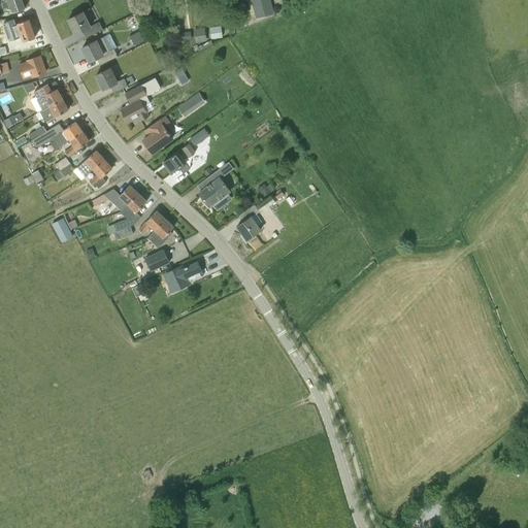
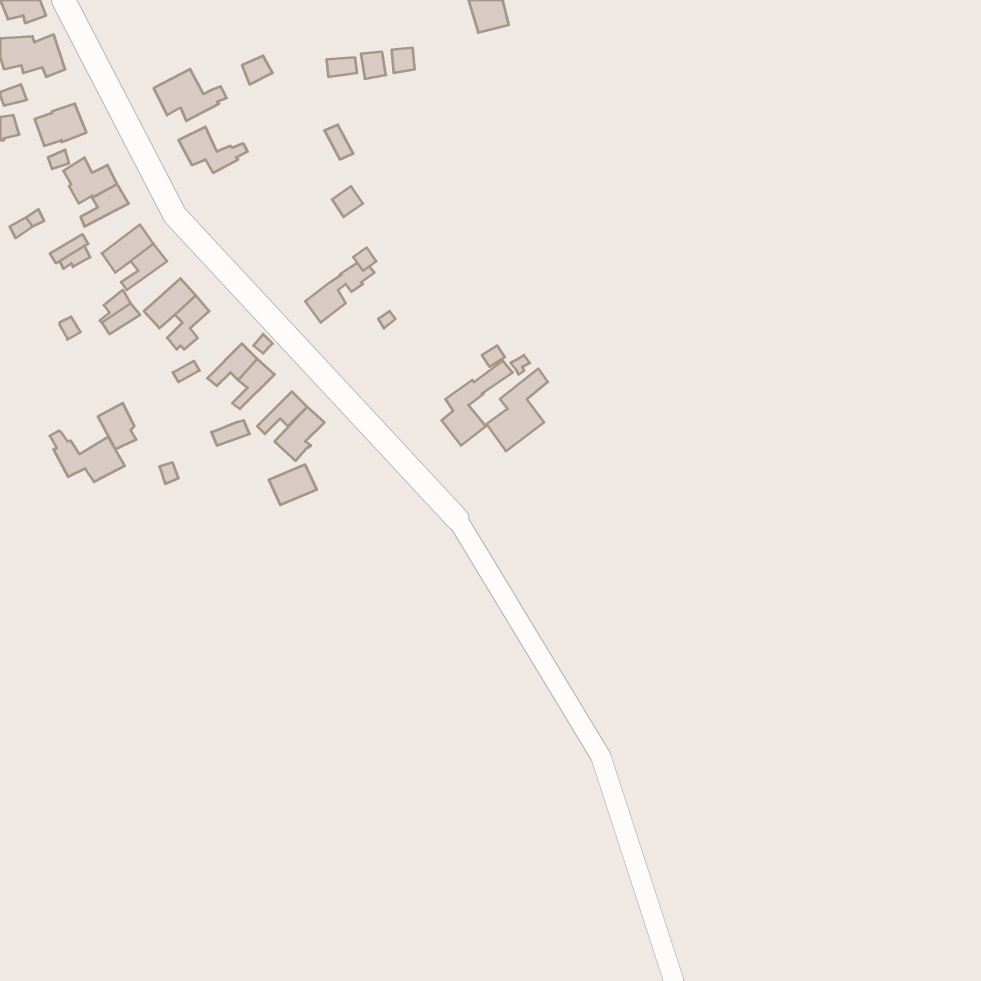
building: [68,11,103,37] -> none
building: [121,85,148,123] -> none
building: [142,114,174,154] -> none
building: [199,162,232,206] -> [487,369,548,451]
building: none -> [50,431,125,482]
building: [166,261,204,293] -> none

